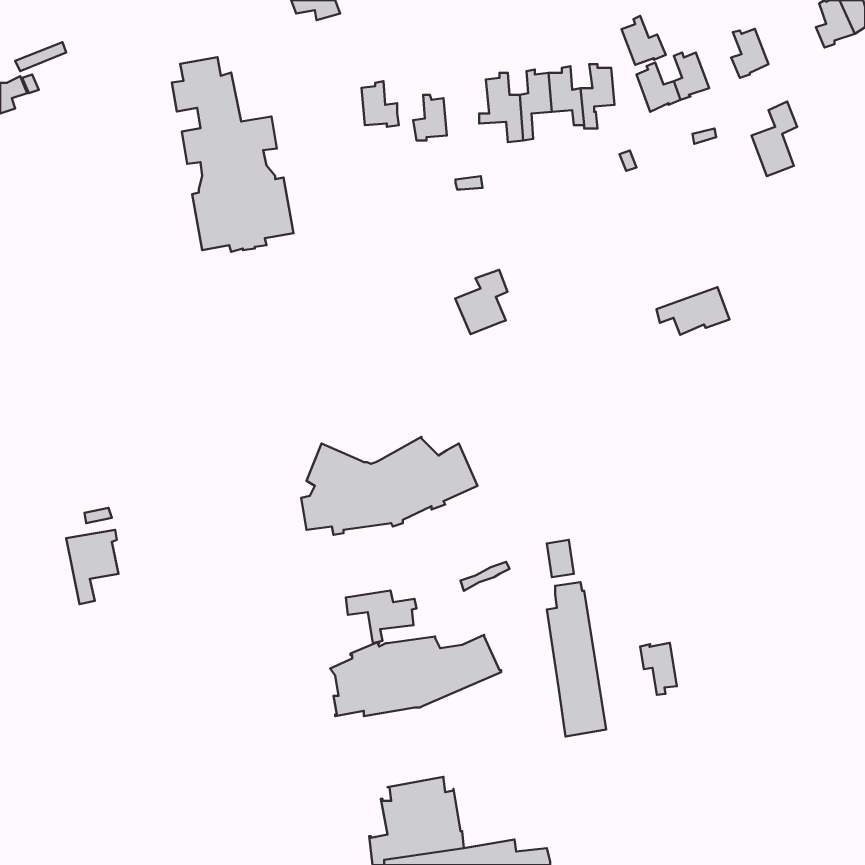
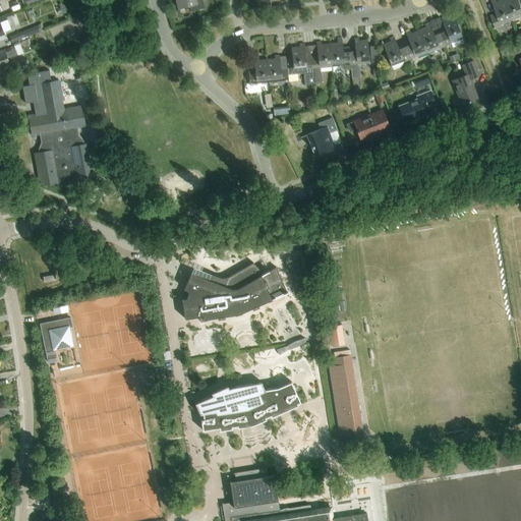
building: [622,16,666,65] -> [418,23,445,53]
building: [172,57,294,252] -> [22,70,96,187]
building: [362,81,399,127] -> [267,55,289,82]
building: none -> [398,92,436,124]
building: [455,270,508,334] -> [305,118,337,157]
building: [657,287,729,335] -> [346,111,390,139]
building: [346,591,417,643] -> none
building: [640,643,677,695] -> none

